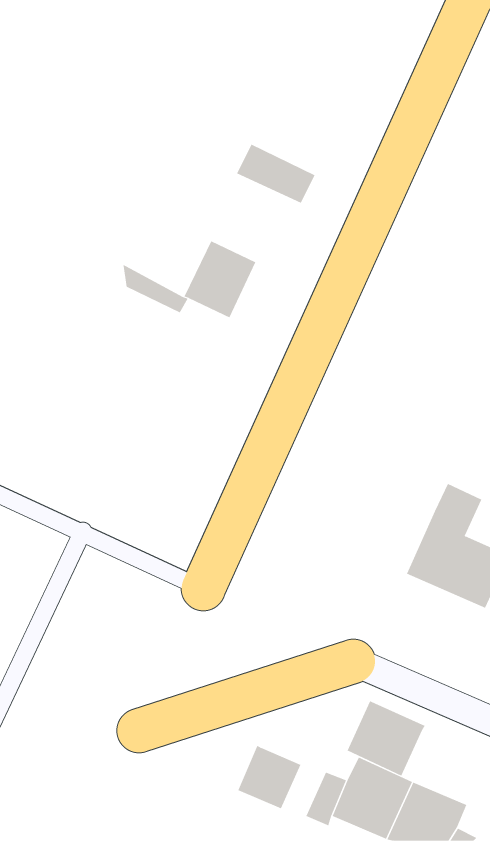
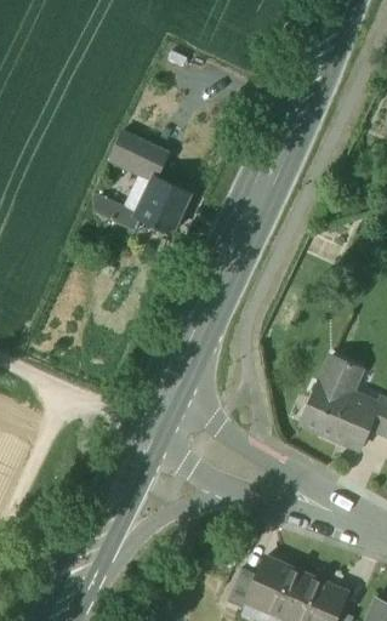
building: [236,144,315,205] -> [110,132,169,177]
building: [347,700,426,777] -> none
building: [237,745,301,809] -> none

